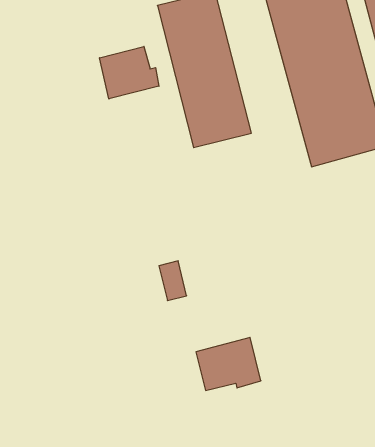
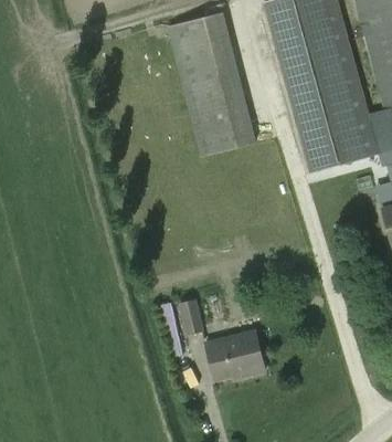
building: [100,46,159,99] -> none
building: [159,261,187,301] -> [179,298,204,335]

